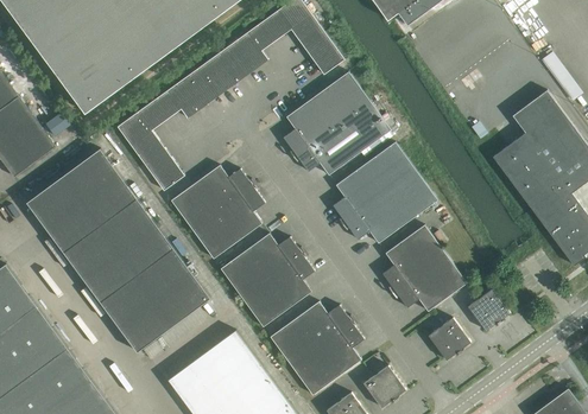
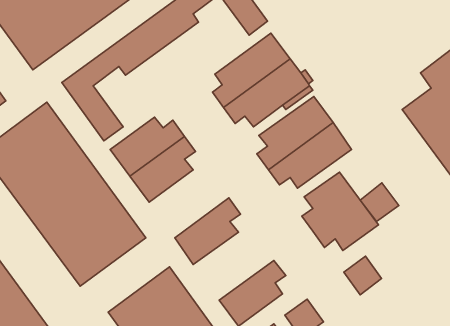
building: [220,234,301,298] -> none
building: [467,288,510,331] -> [360,183,399,222]
building: [268,301,350,367] -> none

